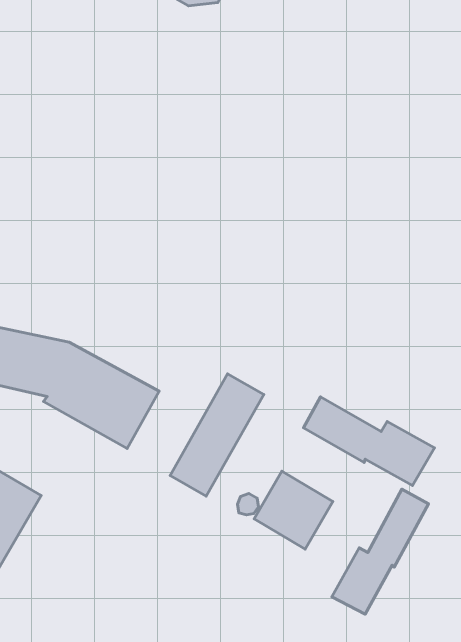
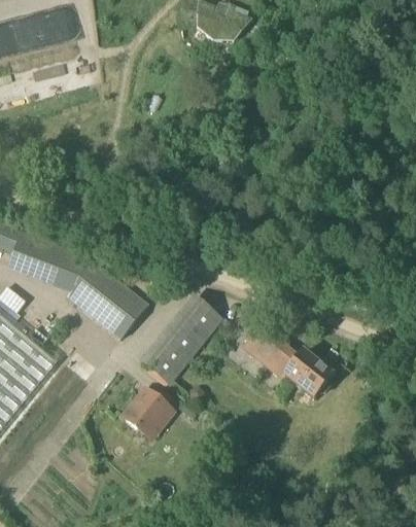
building: [254,471,333,549] -> [120,385,177,442]
building: [332,489,428,614] -> none

